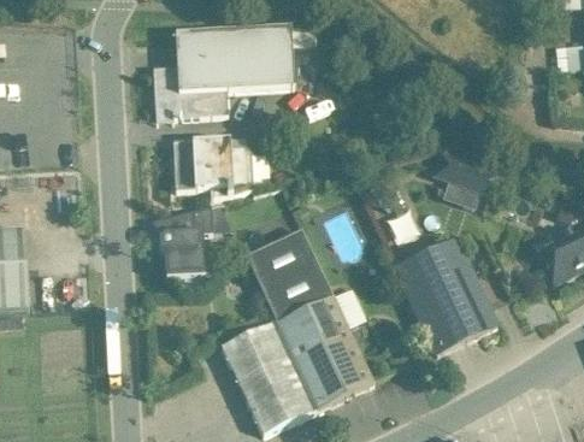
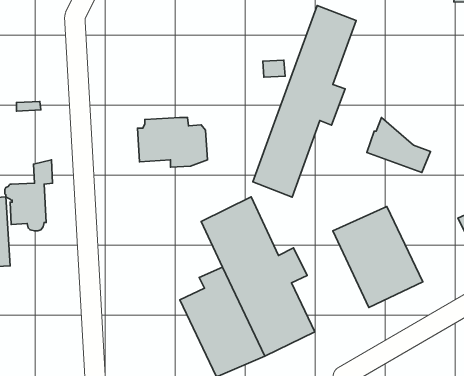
building: none -> [253,6,356,197]
building: [153,26,315,118] -> none
building: [159,206,213,287] -> [5,160,53,231]

